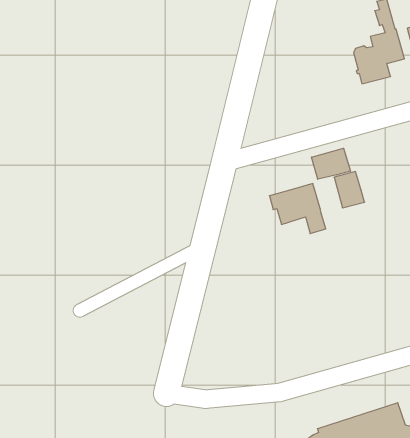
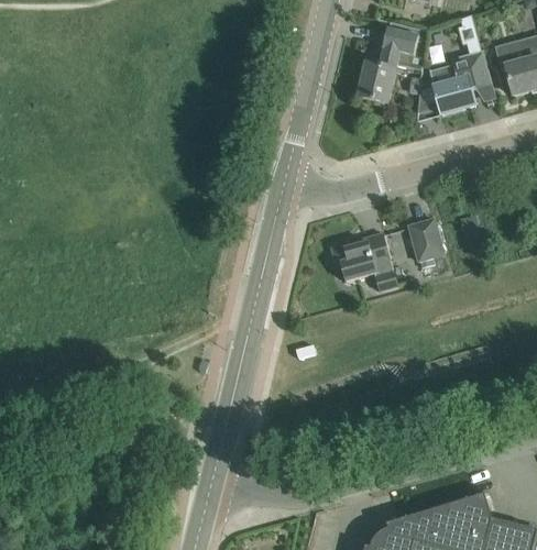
building: none -> [358,22,426,103]
building: [311,148,350,179] -> none

